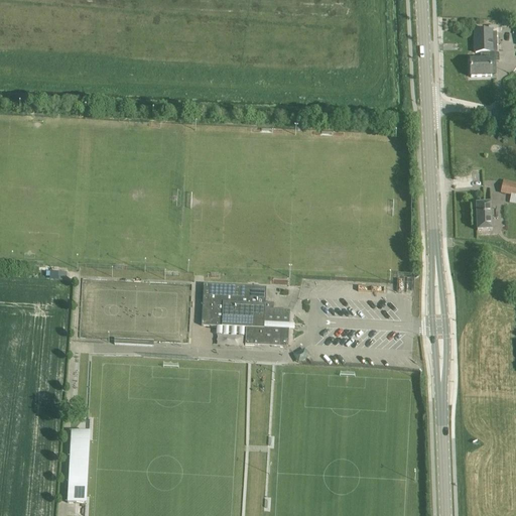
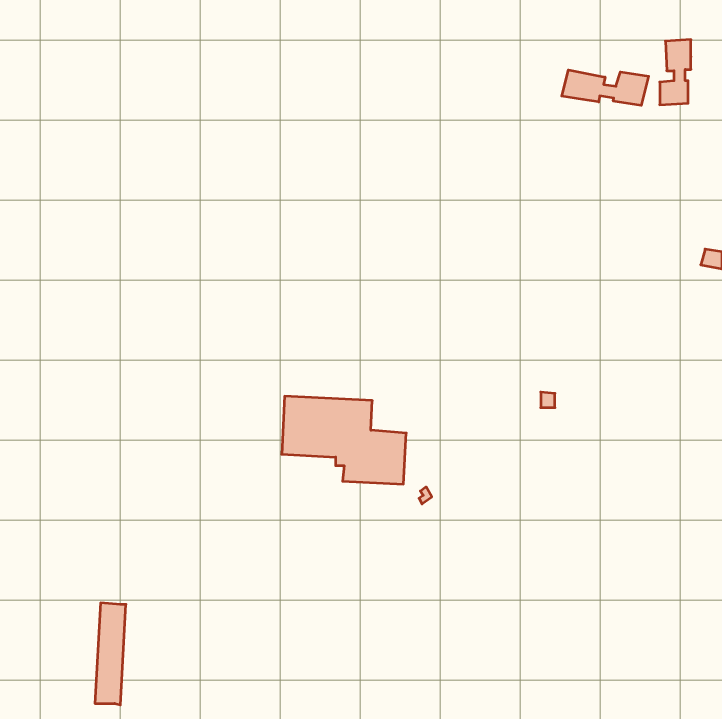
building: none -> [562,70,649,105]
building: [475,202,491,229] -> none

